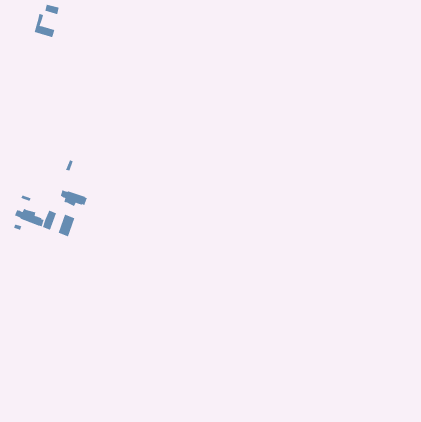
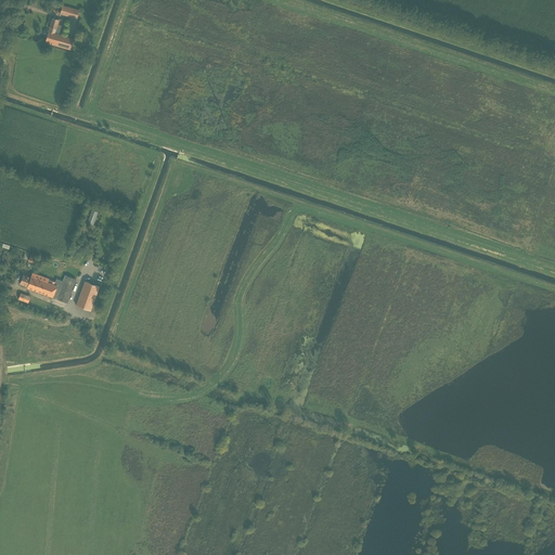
building: [60,190,88,207] -> none

